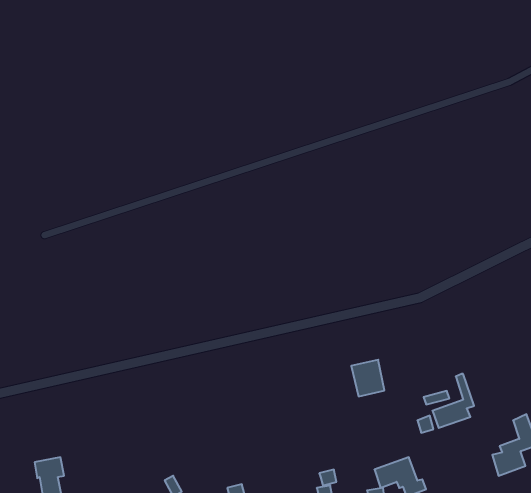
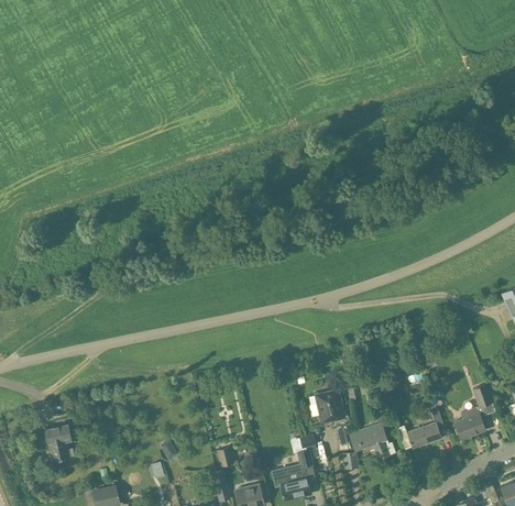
building: [351,360,384,396] -> [315,389,344,422]
building: [432,374,474,428] -> [407,399,445,448]

